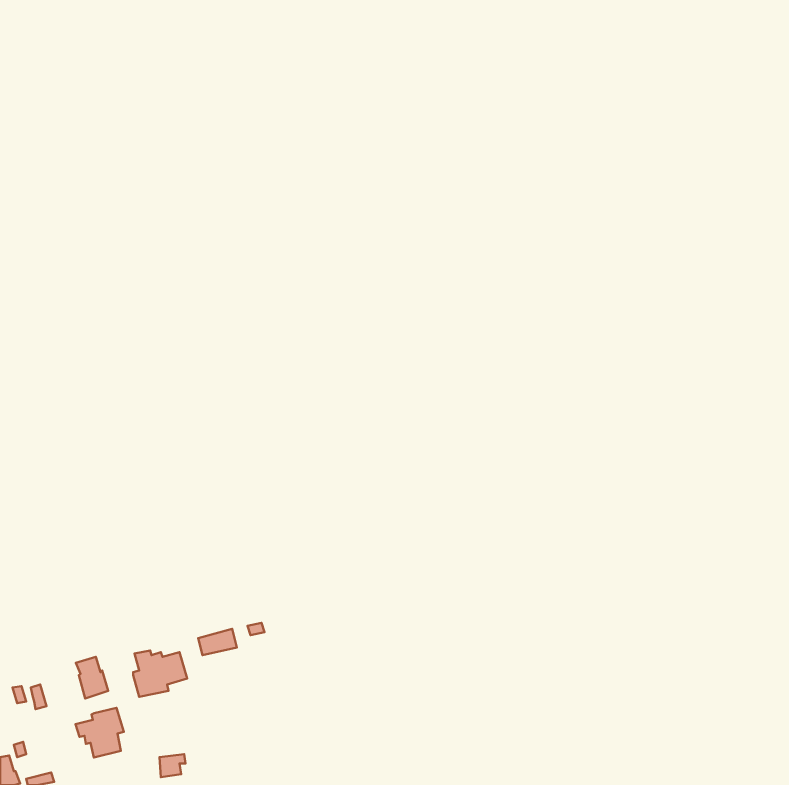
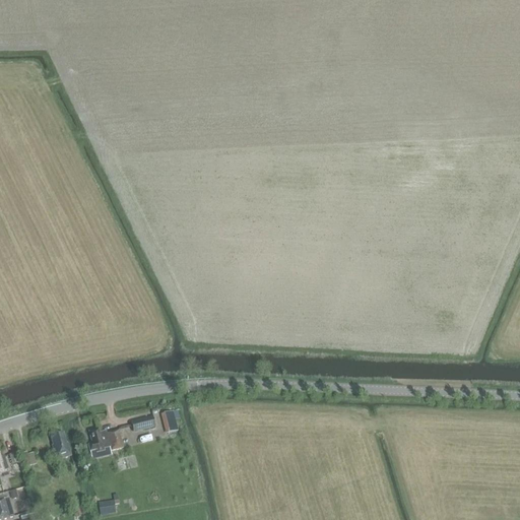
building: [75,708,124,757] -> none

